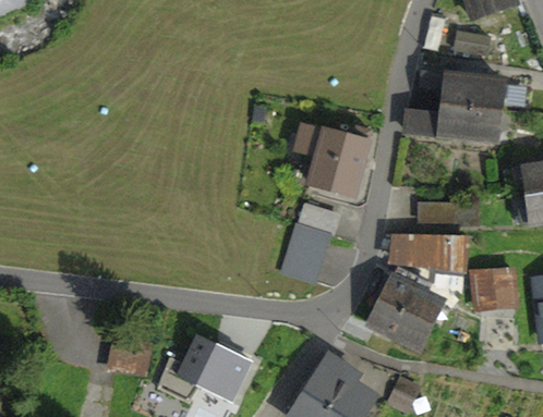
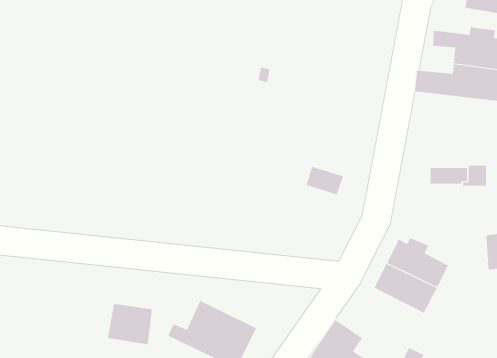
building: [295,124,371,195] -> none
building: [283,234,327,282] -> none
building: [396,240,468,269] -> none

